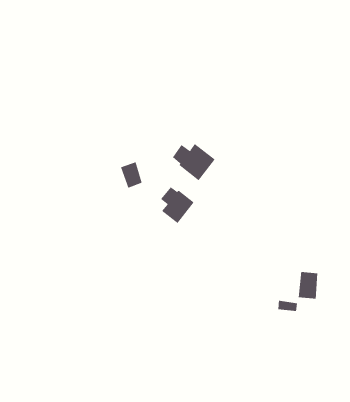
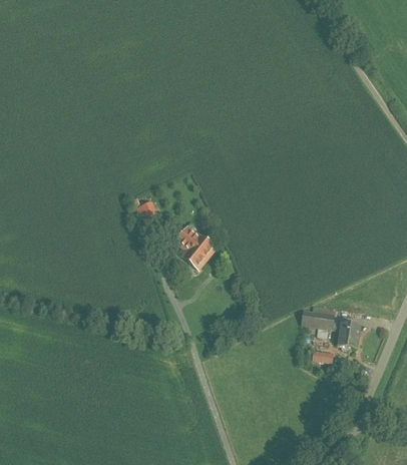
building: [172,143,216,181] -> none
building: none -> [299,312,331,329]

